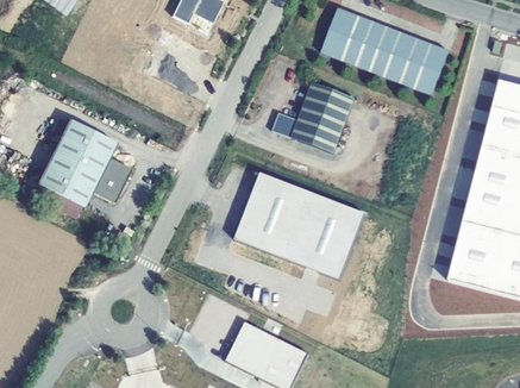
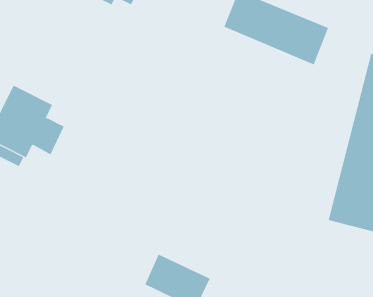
building: [271,81,353,152] -> none
building: [228,170,359,277] -> none

